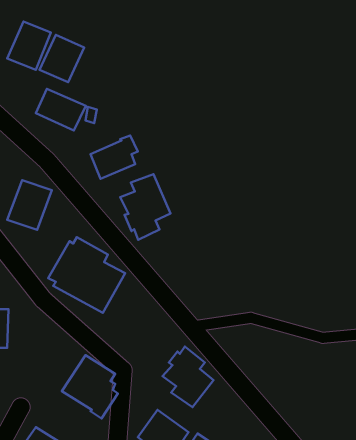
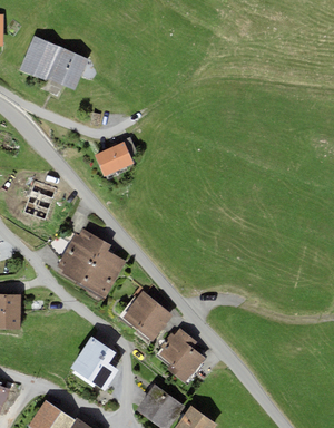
building: [36,89,86,131] -> none
building: [120,174,170,240] -> none
building: none -> [121,292,171,341]

